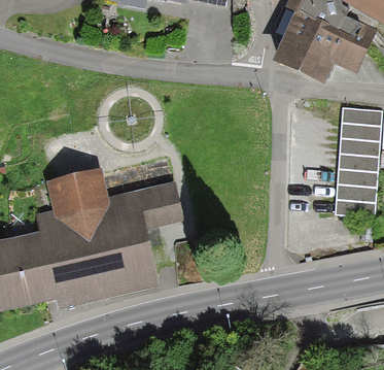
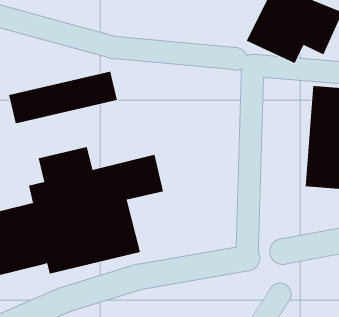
building: none -> [8,71,117,124]

